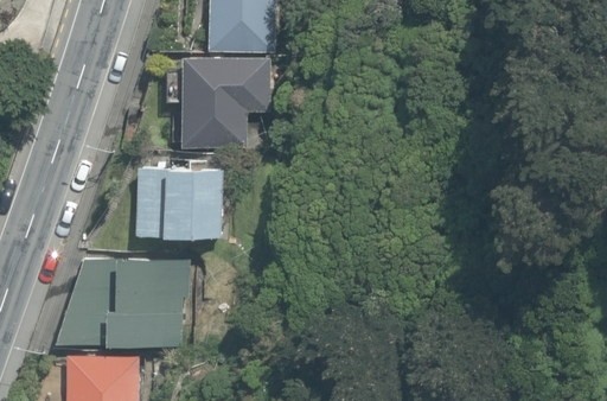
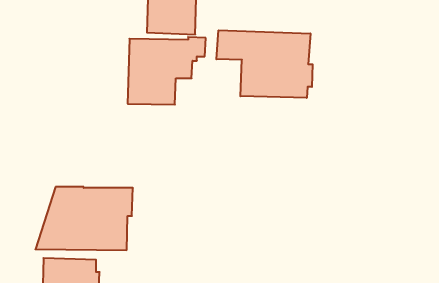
building: none -> [216,30,313,98]
building: [135,167,223,237] -> none

